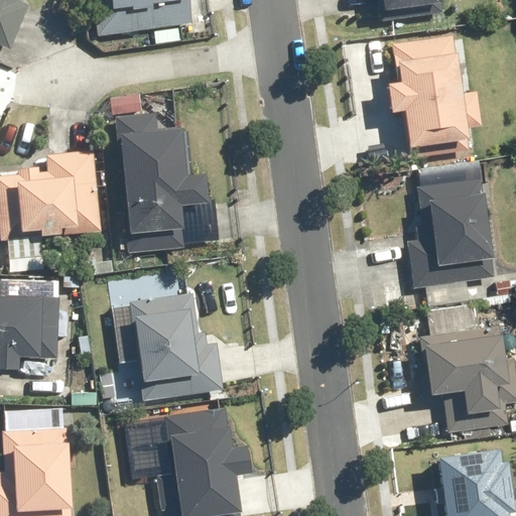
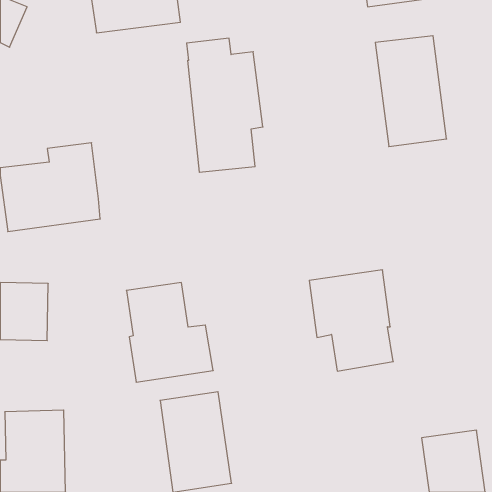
building: [113,112,192,252] -> [187,38,263,172]
building: [410,177,494,286] -> none
building: [422,325,510,430] -> [309,270,393,371]

